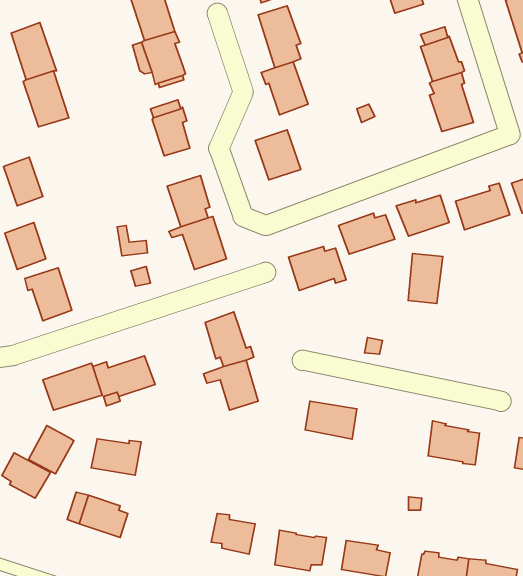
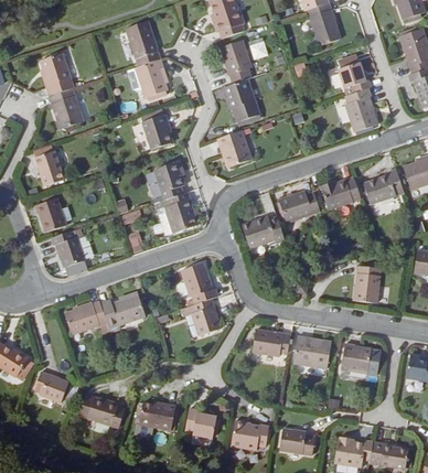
building: [408,253,443,303] -> [356,265,382,301]
building: none -> [295,334,333,365]
building: [28,425,74,474] -> none
building: [91,439,141,475] -> [138,402,174,429]

